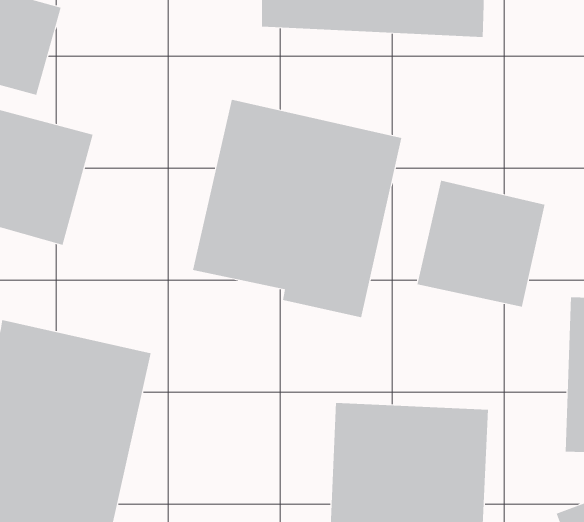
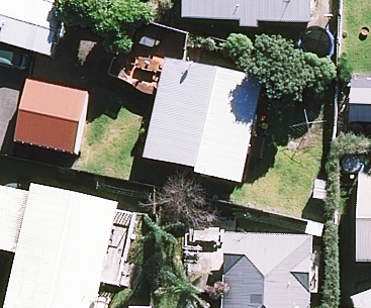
building: [417,180,545,308] -> none

